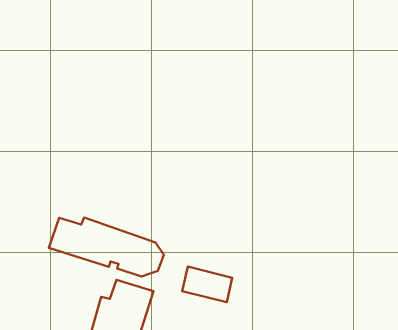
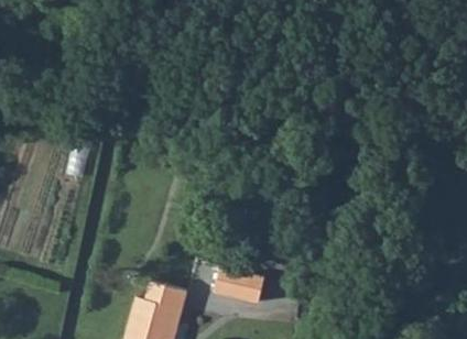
building: [49,218,164,276] -> none

